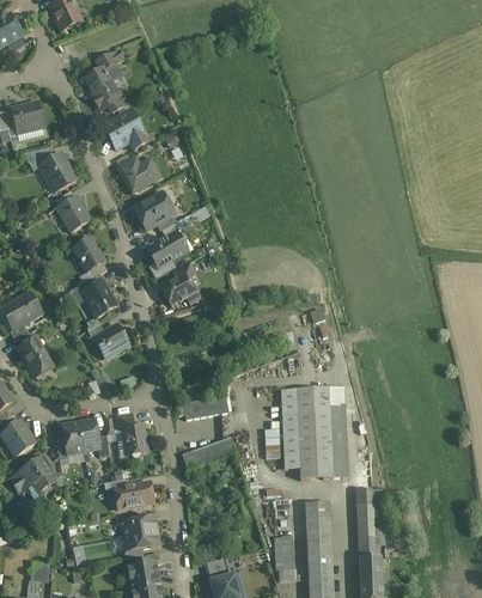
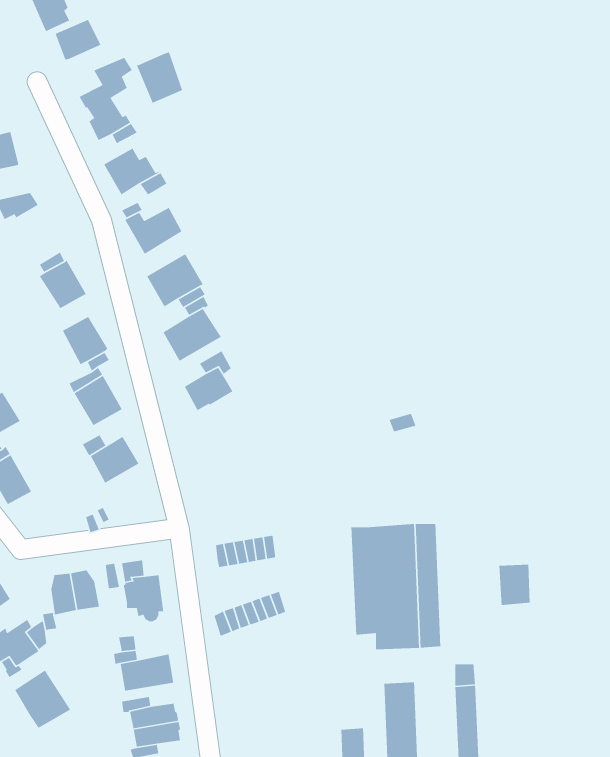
building: none -> [55,19,101,60]
building: none -> [136,51,183,104]
building: [38,153,75,193] -> none
building: none -> [499,564,530,606]
building: none -> [14,669,71,730]

